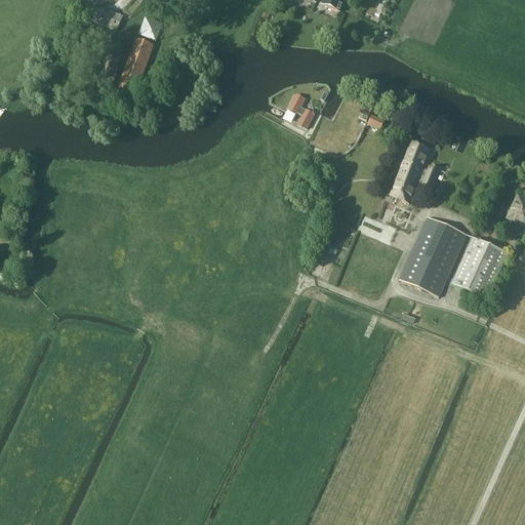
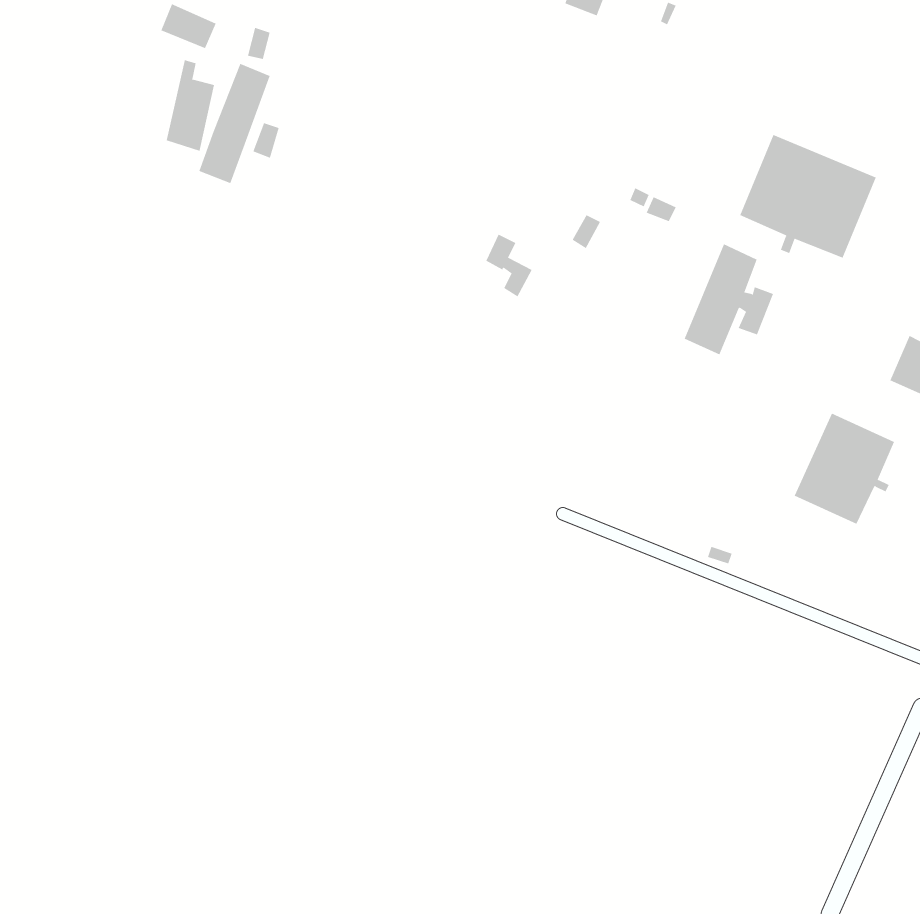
building: none -> [739,134,876,258]
building: [289,91,316,127] -> [485,234,532,297]
building: [400,214,468,295] -> none

